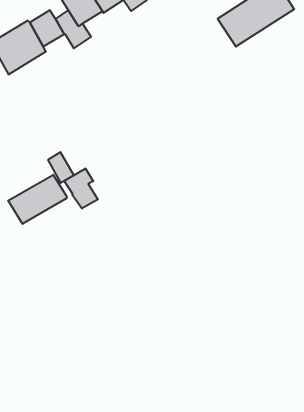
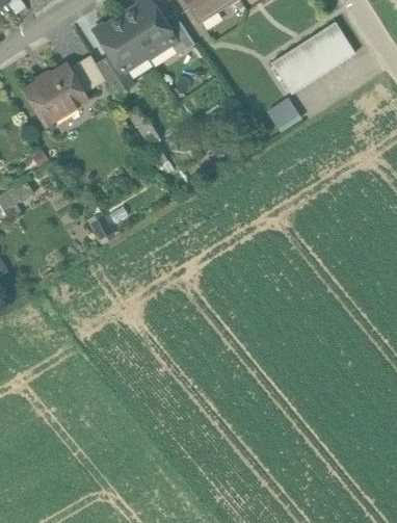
building: none -> [266,96,300,129]
building: [64,168,98,209] -> none
building: [8,175,67,224] -> none

